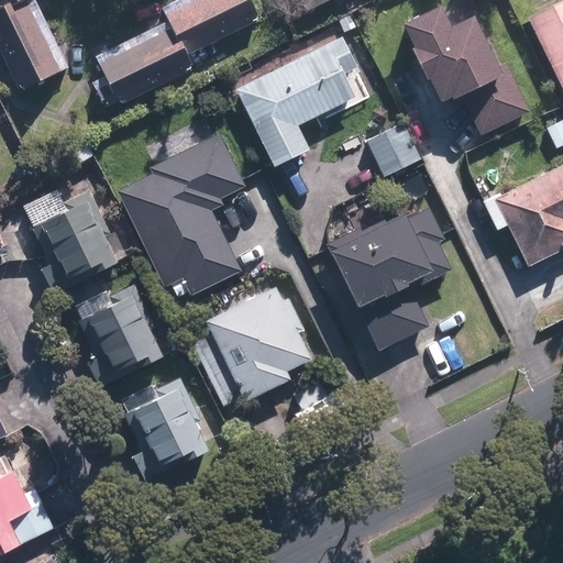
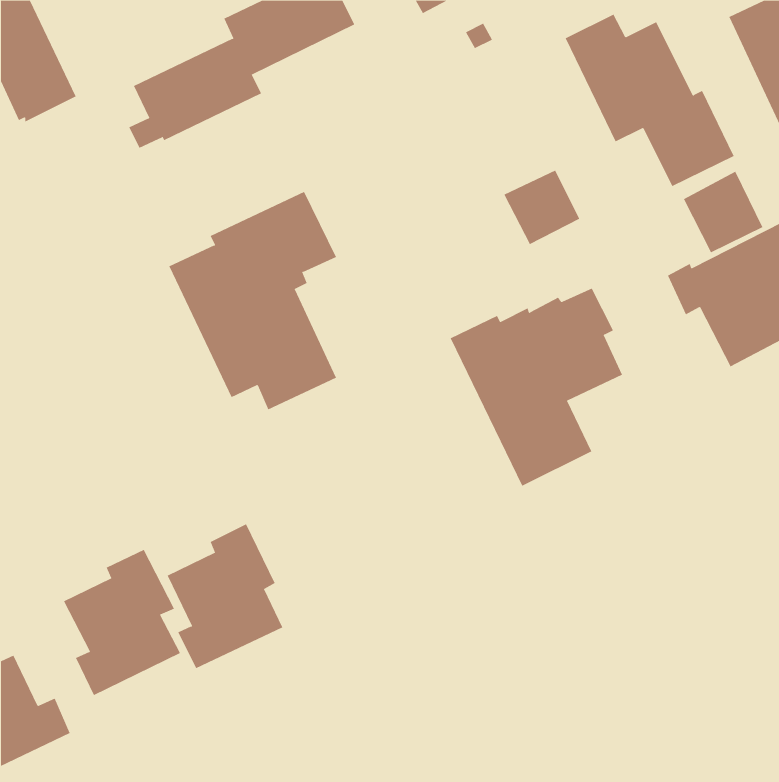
building: [234,36,355,166] -> none
building: none -> [683,171,763,253]
building: [34,187,118,292] -> none
building: [76,283,161,388] -> [63,549,181,696]
building: [202,286,310,401] -> none

